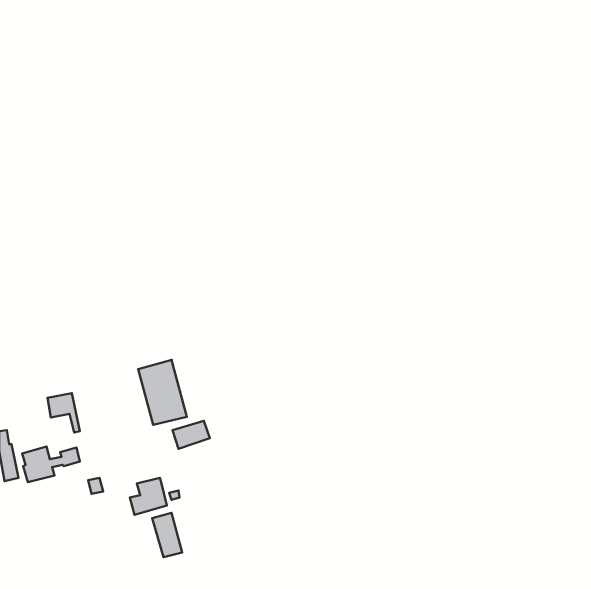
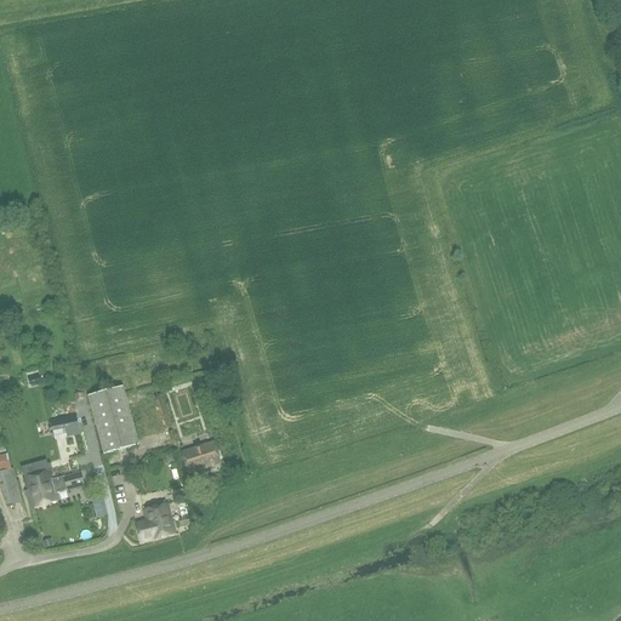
building: [138,360,187,425] -> [87,383,138,451]
building: [152,513,182,557] -> none

